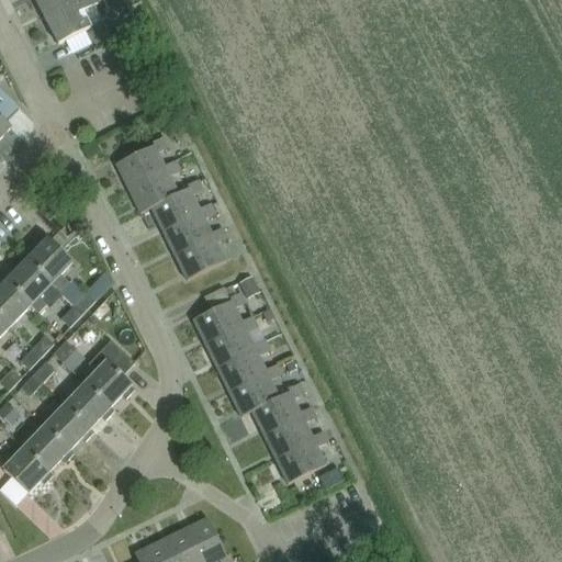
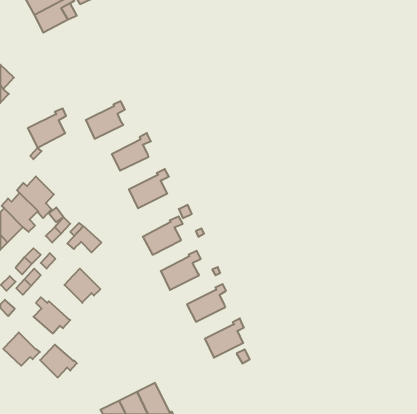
building: [127,160,179,213] -> [28,109,66,148]
building: [161,203,215,255] -> none
building: [205,315,258,364] -> none
building: [89,340,135,375] -> [67,226,101,252]
building: [228,362,282,415] -> none
building: [66,383,114,427] -> none
building: [263,405,317,456] -> none
building: [25,426,75,470] -> [40,345,77,377]

